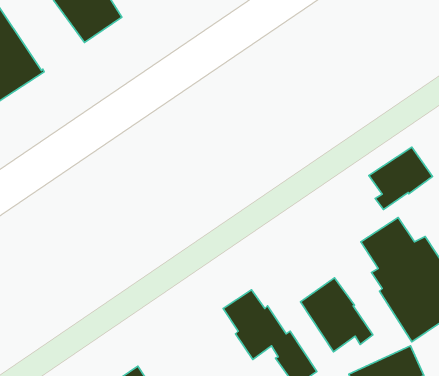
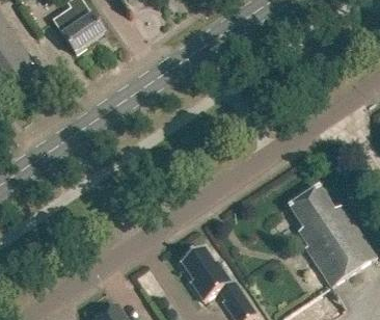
building: [369,147,432,209] -> none
building: [301,278,373,352] -> none

